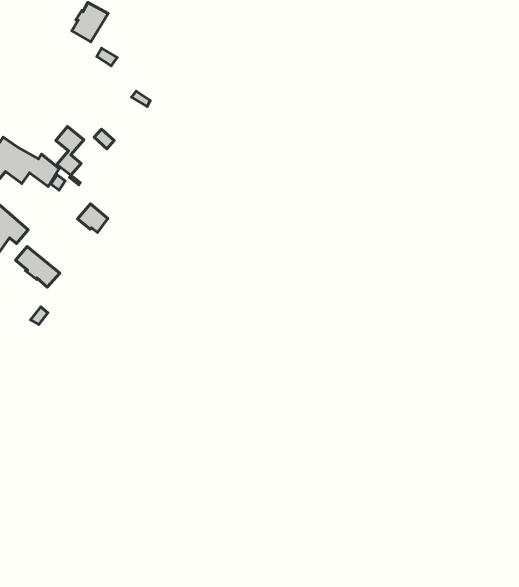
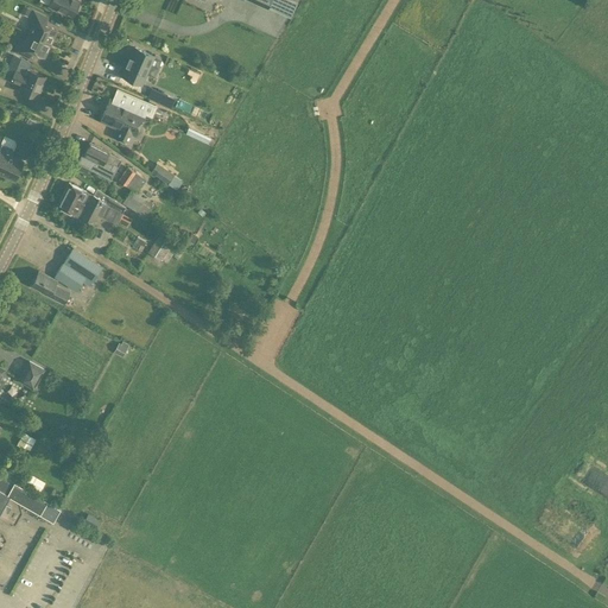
building: none -> [99,99,146,146]
building: none -> [77,144,120,170]
building: [15,246,60,287] -> none

